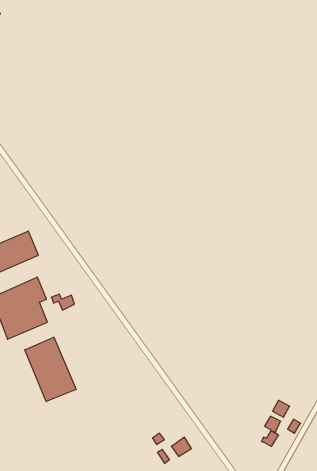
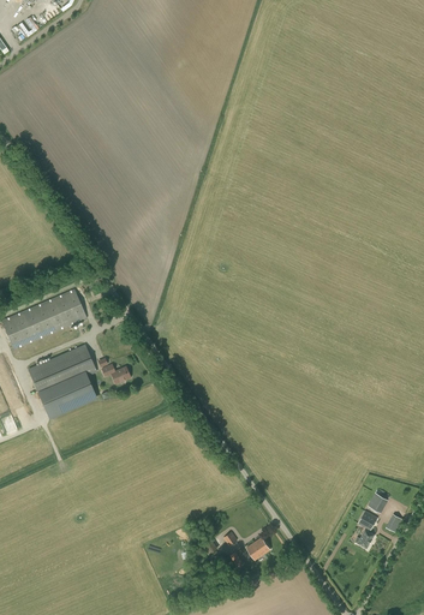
building: [25,337,76,402] -> none

